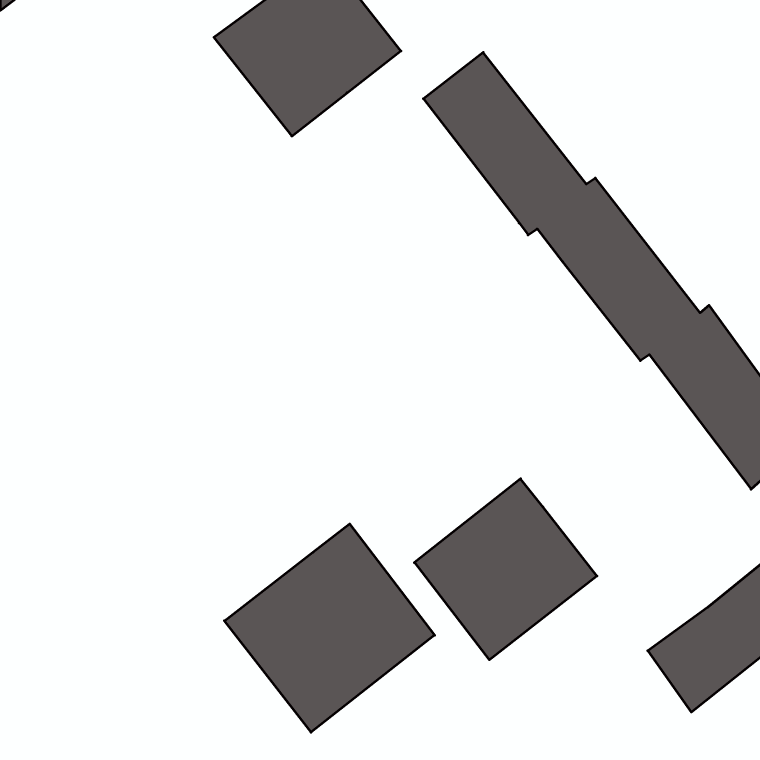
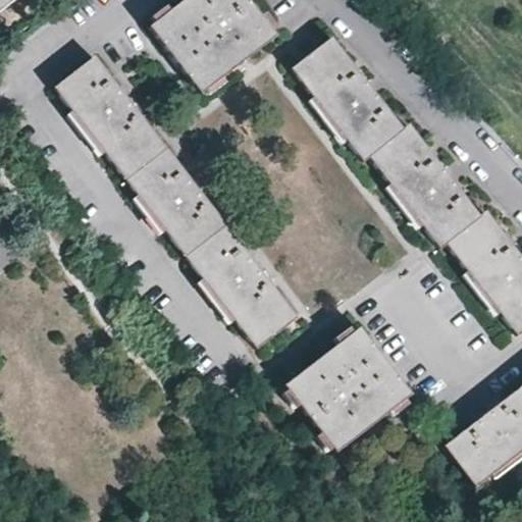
building: none -> [56,56,296,347]
building: [224,524,435,732] -> none

